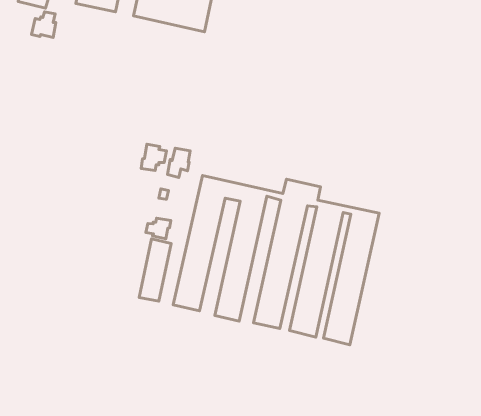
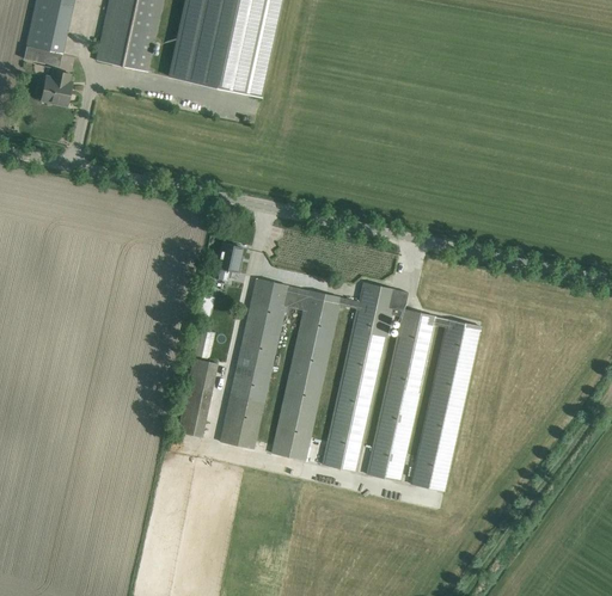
building: [141,144,166,170] -> none
building: [146,218,171,239] -> none

